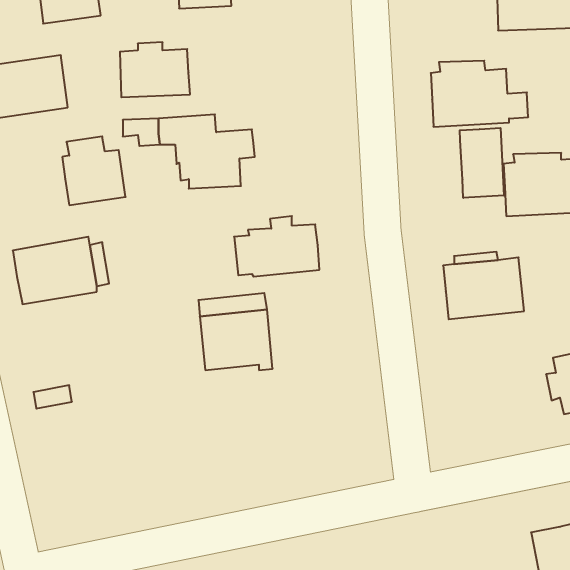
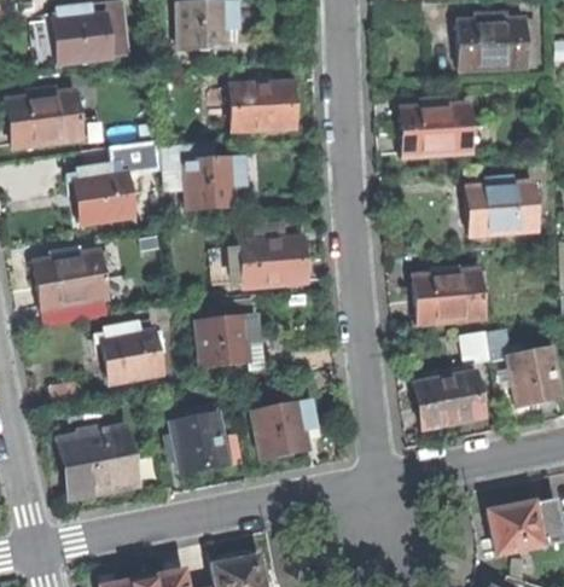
building: [120,42,190,97] -> [232,80,293,128]
building: [460,128,504,198] -> none
building: none -> [104,324,159,383]
building: none -> [415,332,499,425]
building: none -> [254,401,318,457]
building: none -> [173,414,226,472]
building: none -> [63,429,133,494]

